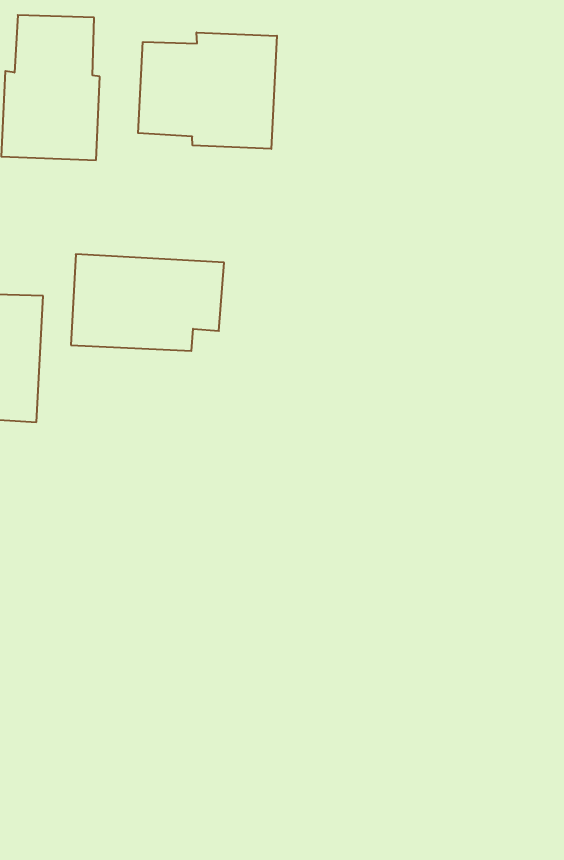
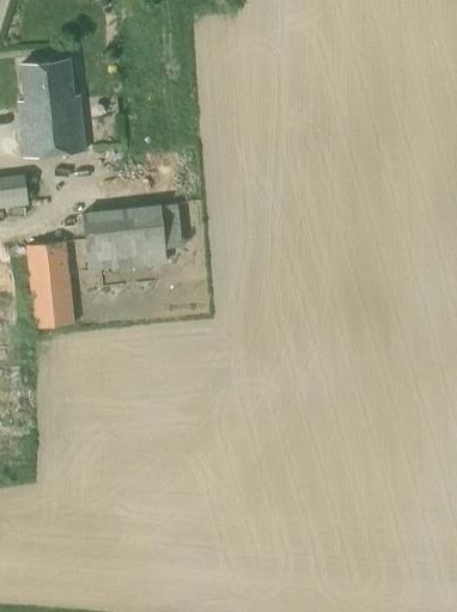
building: [138,32,277,149] -> none

